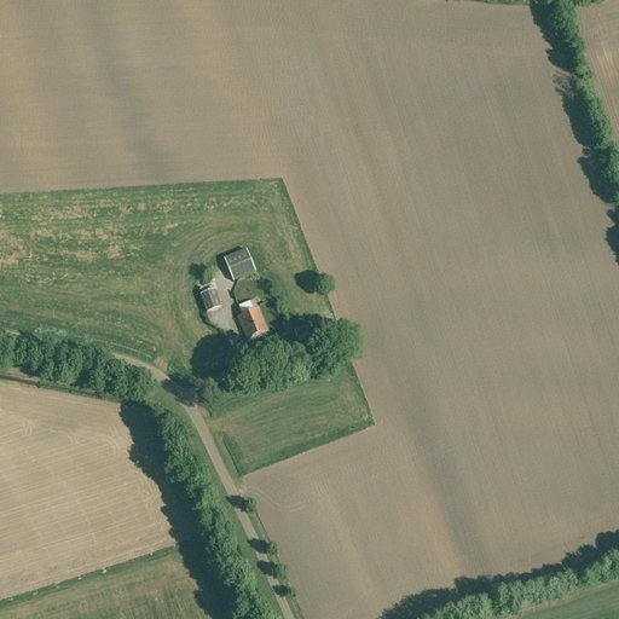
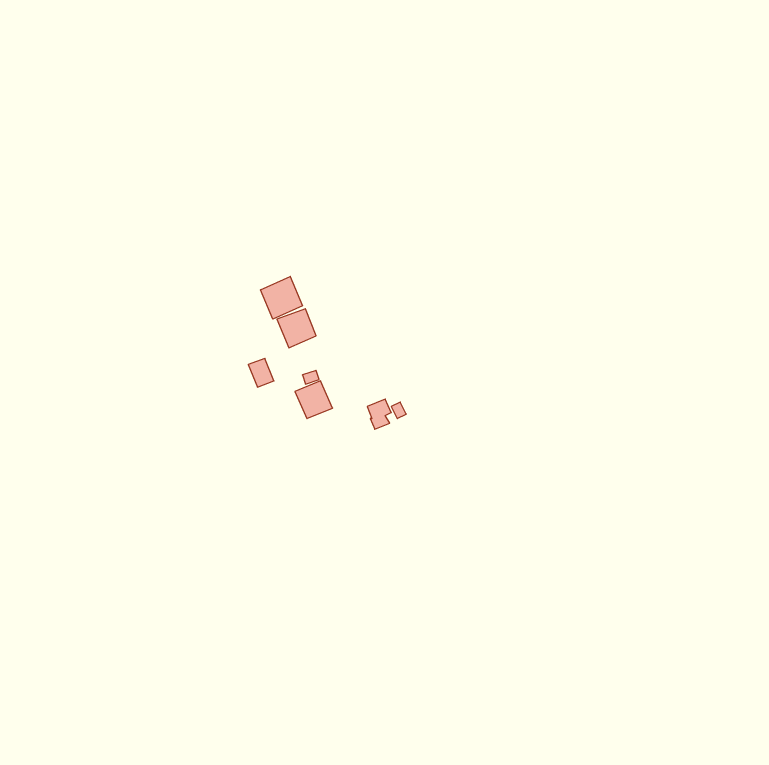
building: none -> [261,276,303,319]

